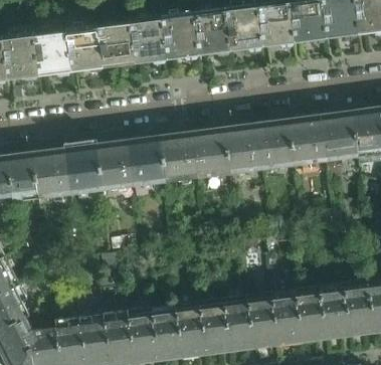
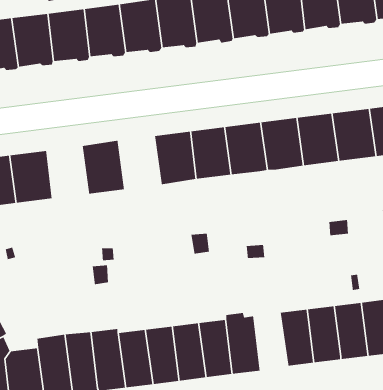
building: [125,137,163,185] -> none
building: [61,146,99,193] -> none
building: [245,294,275,346] -> none

